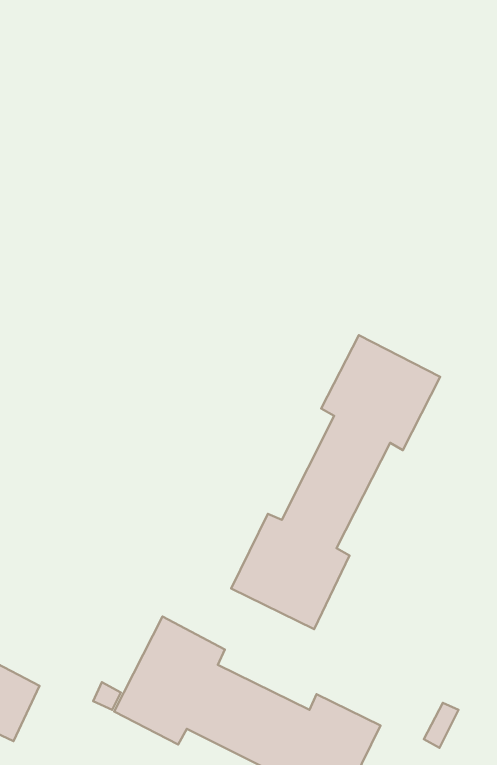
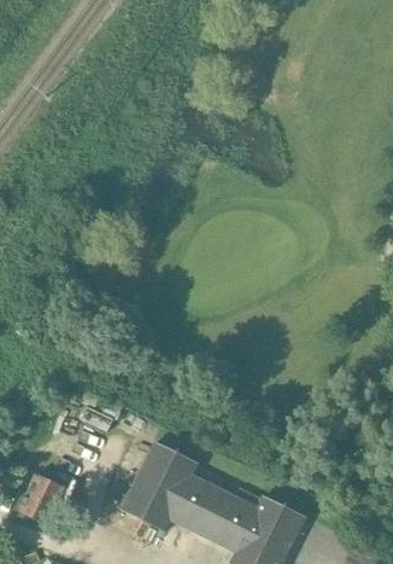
building: [231,335,440,629] -> none

